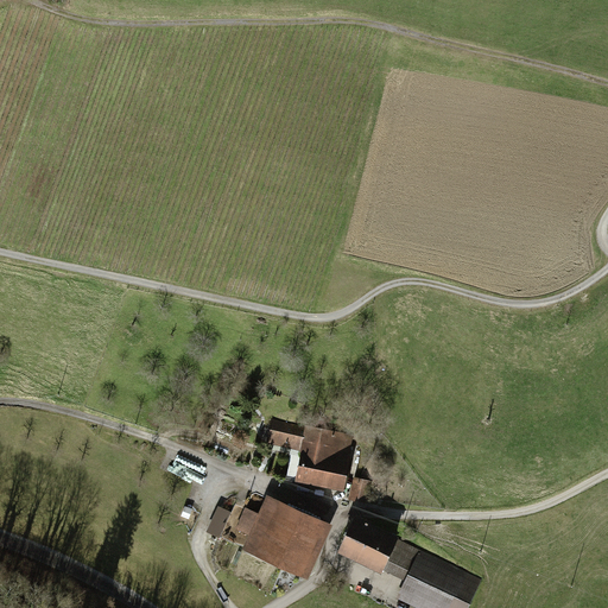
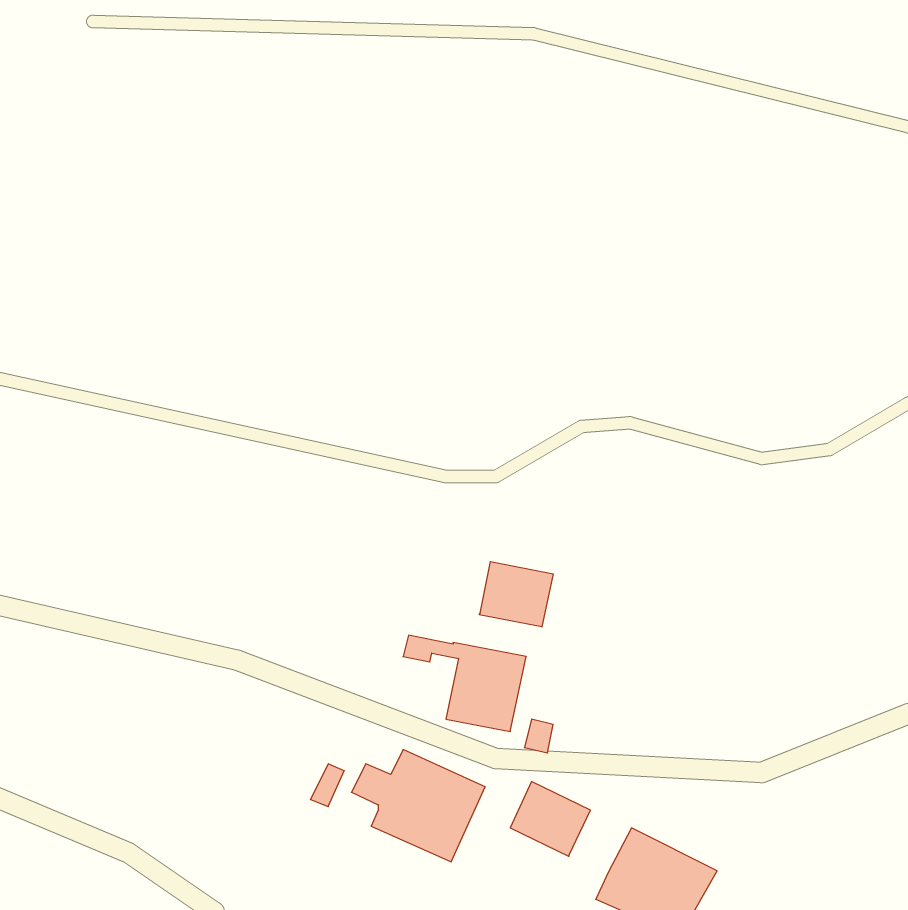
building: none -> [479,562,553,627]
building: [379,540,420,582] -> none

